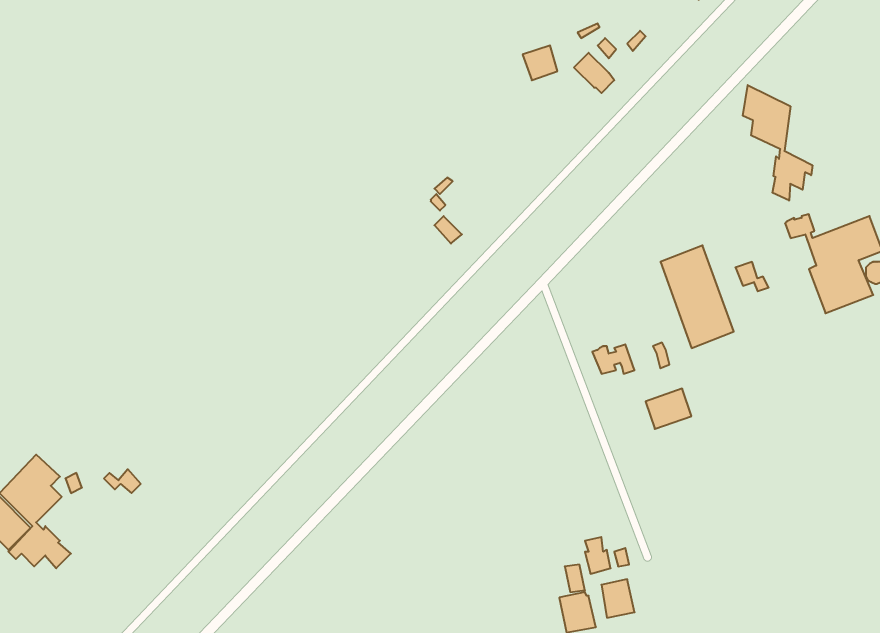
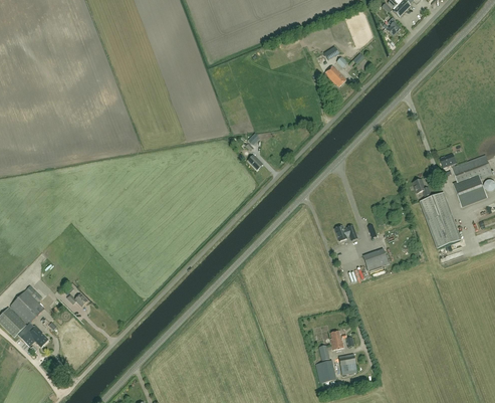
building: [743,85,812,201] -> none
building: [660,245,734,348] -> [420,193,460,249]

